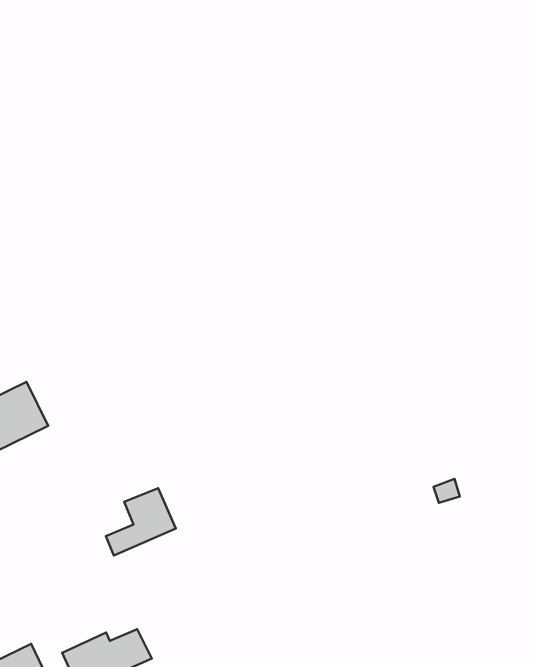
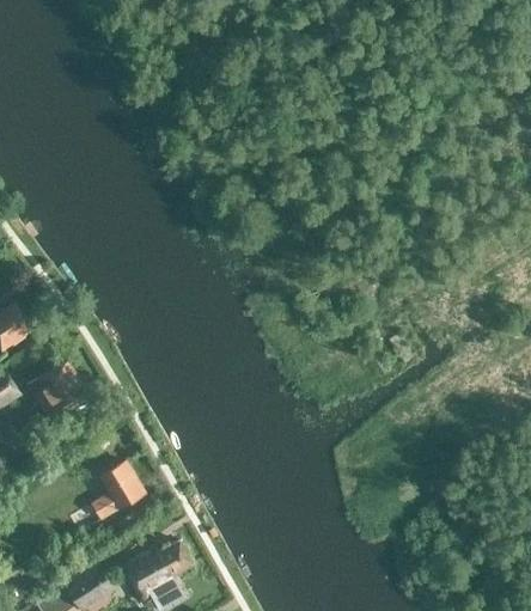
building: [106,488,176,555] -> [90,464,144,521]

